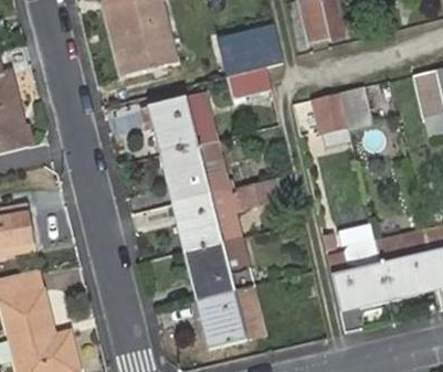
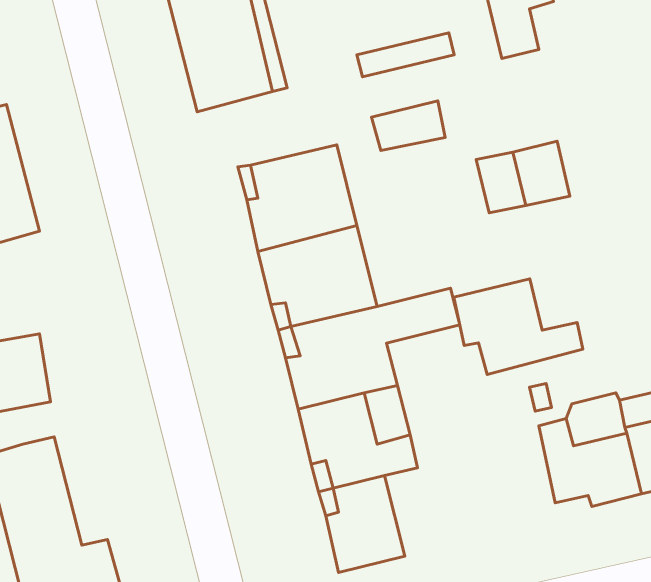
building: [222,39,283,76] -> none
building: [339,85,371,129] -> none
building: none -> [454,279,583,374]

